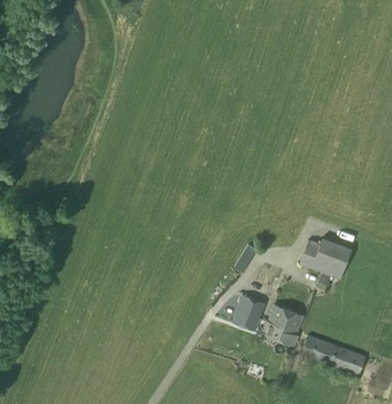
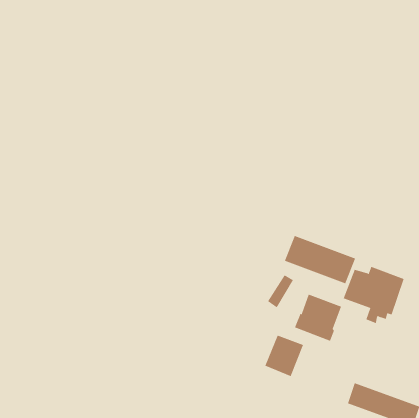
building: none -> [284,235,356,284]
building: [263,304,304,344] -> [294,294,342,342]

